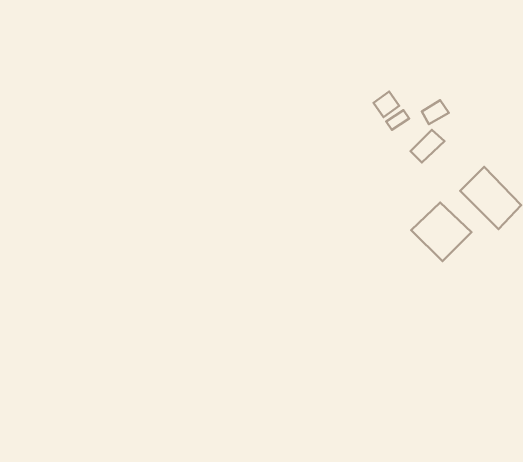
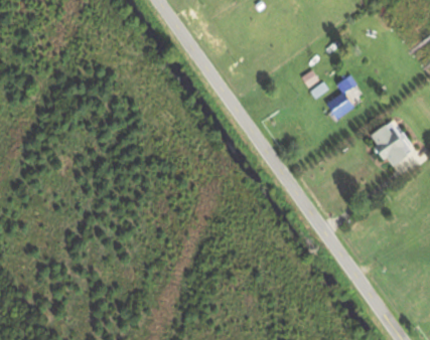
building: [411,203,471,261] -> none

